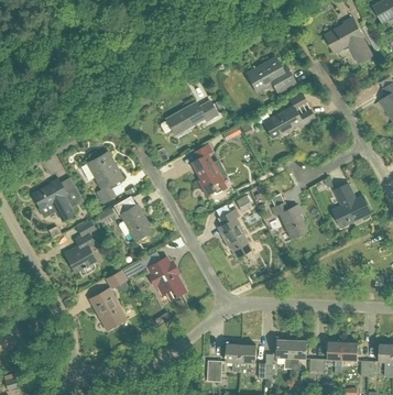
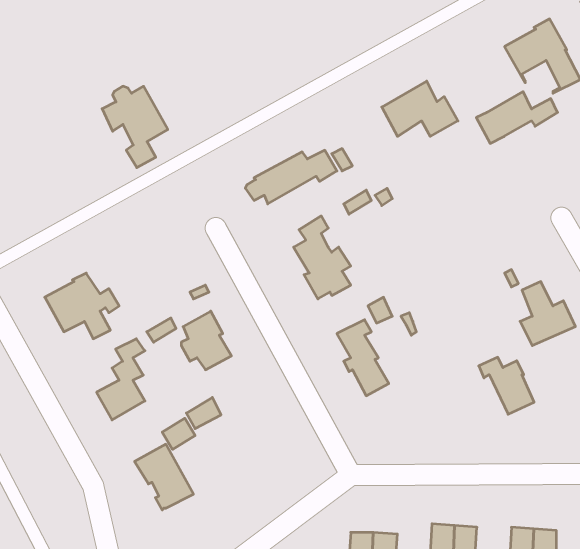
building: [263,105,315,138] -> [476,92,558,143]
building: [81,151,123,202] -> [102,86,168,168]
building: [272,201,307,238] -> [479,357,534,414]
building: [144,255,186,301] -> none

